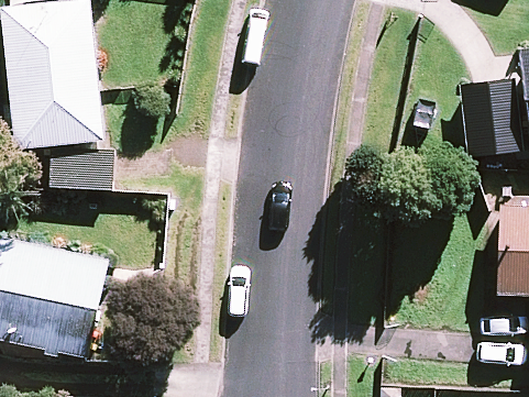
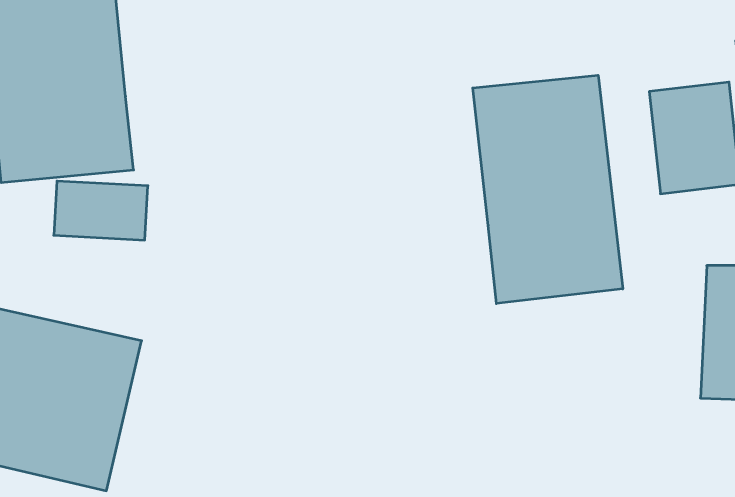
building: none -> [473,75,623,304]

